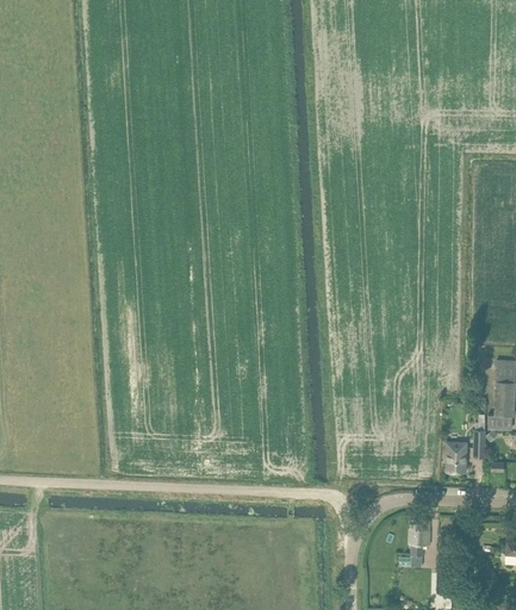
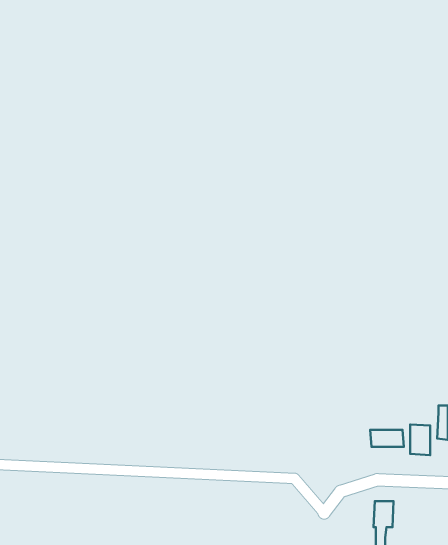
building: none -> [370,430,404,447]

